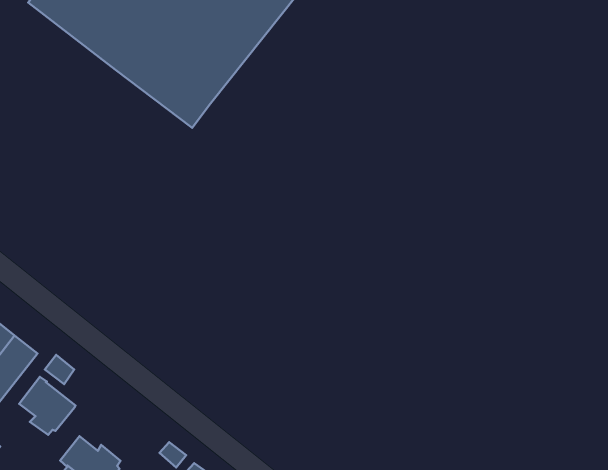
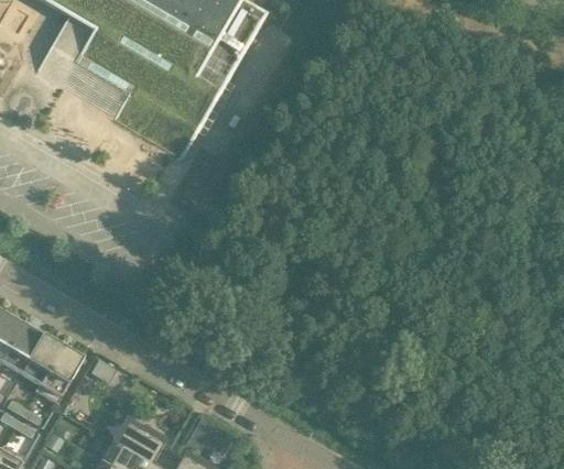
building: [19,377,76,435] -> none

